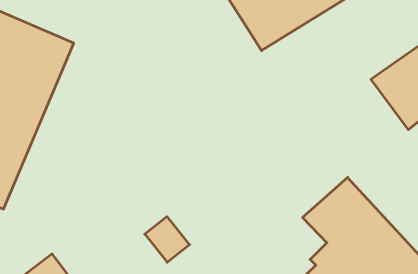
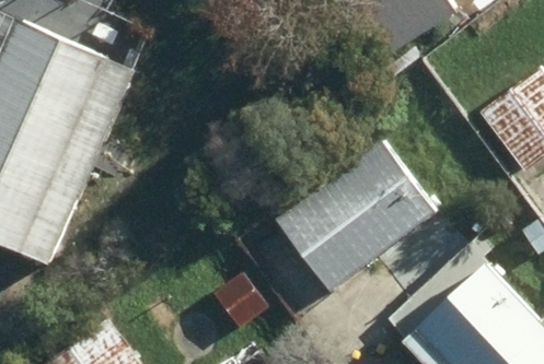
building: none -> [280,139,440,290]

